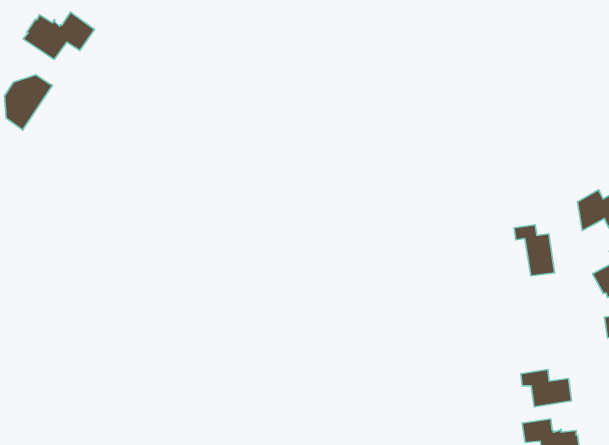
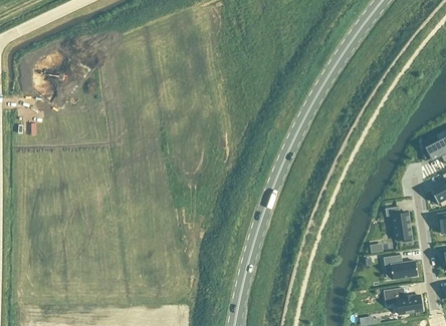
building: [23,12,95,60] -> none
building: [514,225,555,276] -> [385,207,412,241]

